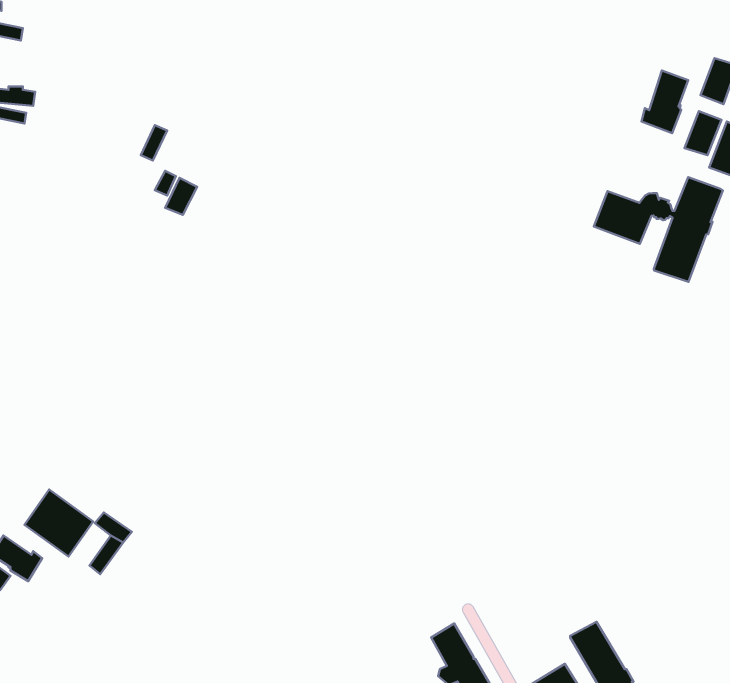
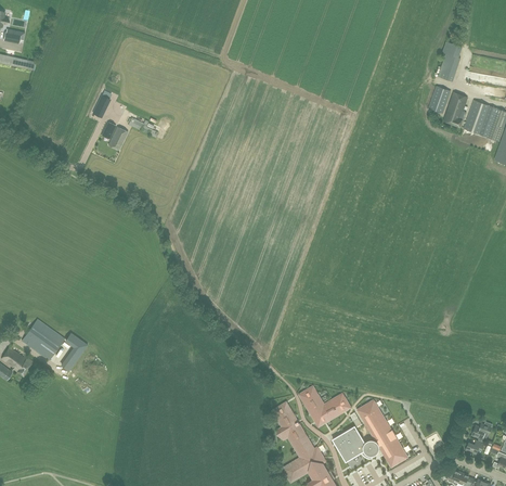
building: [641,71,688,133] -> none
building: [594,177,723,282] -> none
building: none -> [300,387,346,424]

